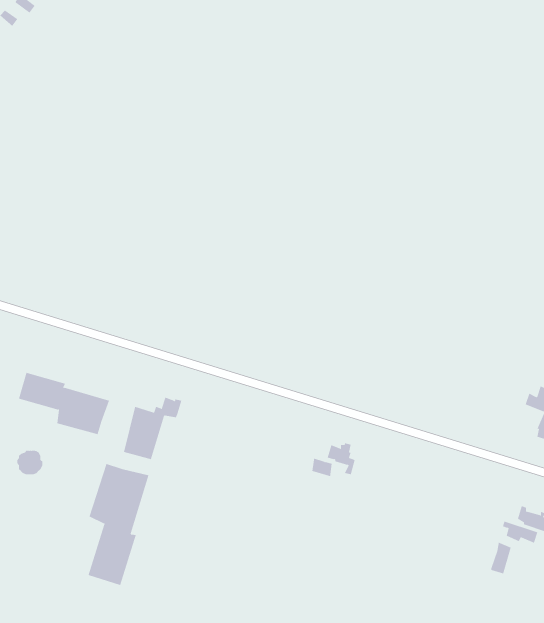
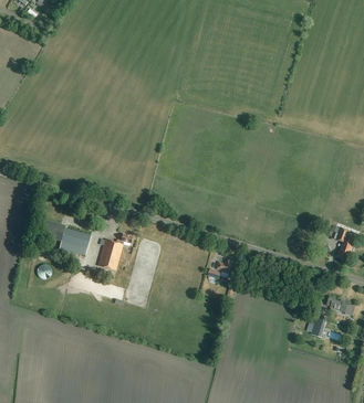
building: [88,463,149,586] -> none

